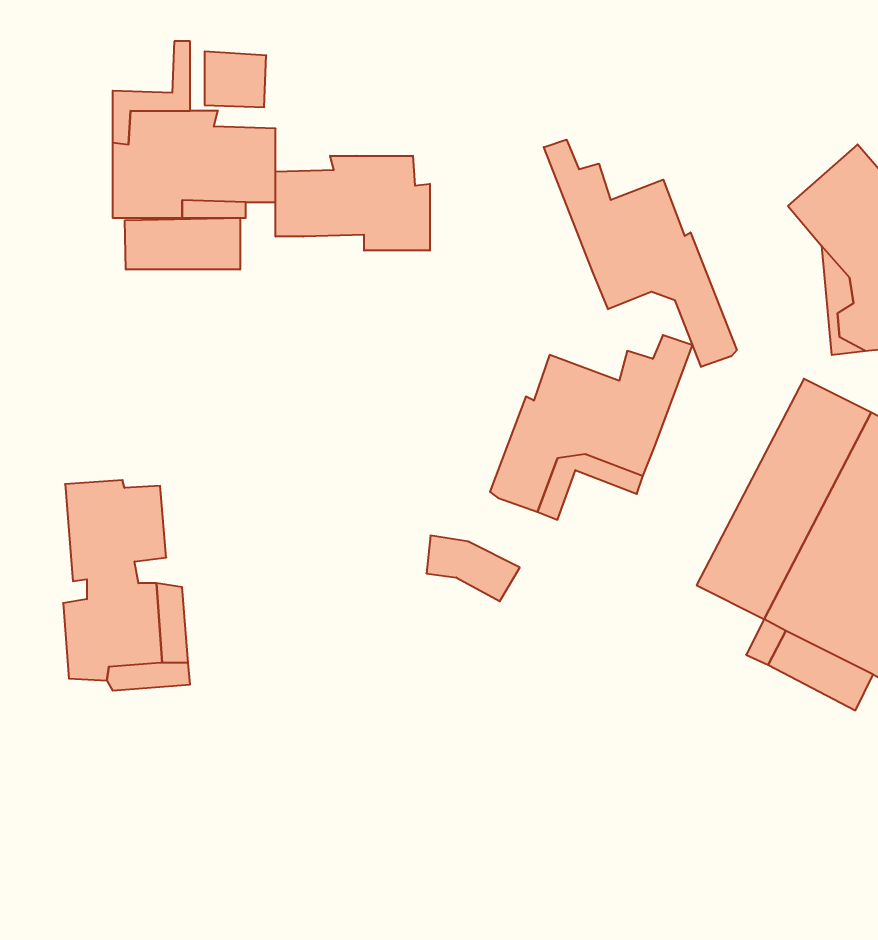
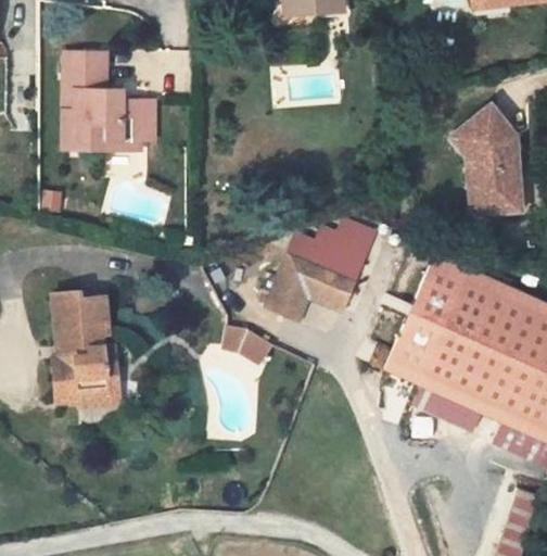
building: [205,51,266,107] -> [74,52,107,83]
building: [544,140,737,367] -> none
building: [276,156,430,251] -> none
building: [125,218,240,270] -> none

